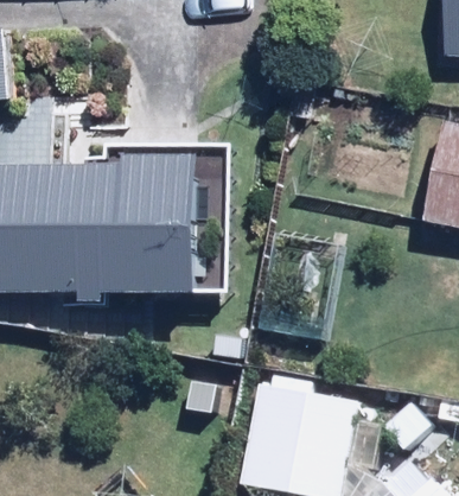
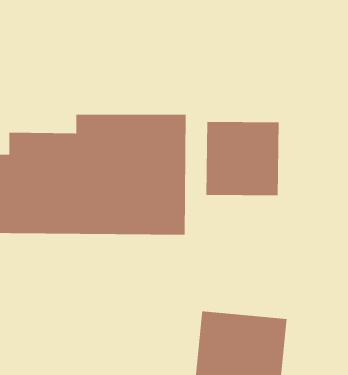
building: none -> [205,121,279,196]

